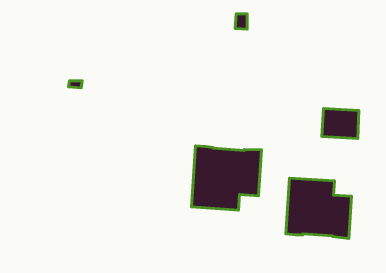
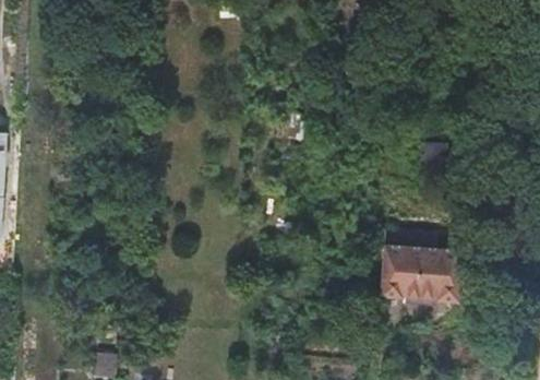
building: [192,146,261,210] -> none

